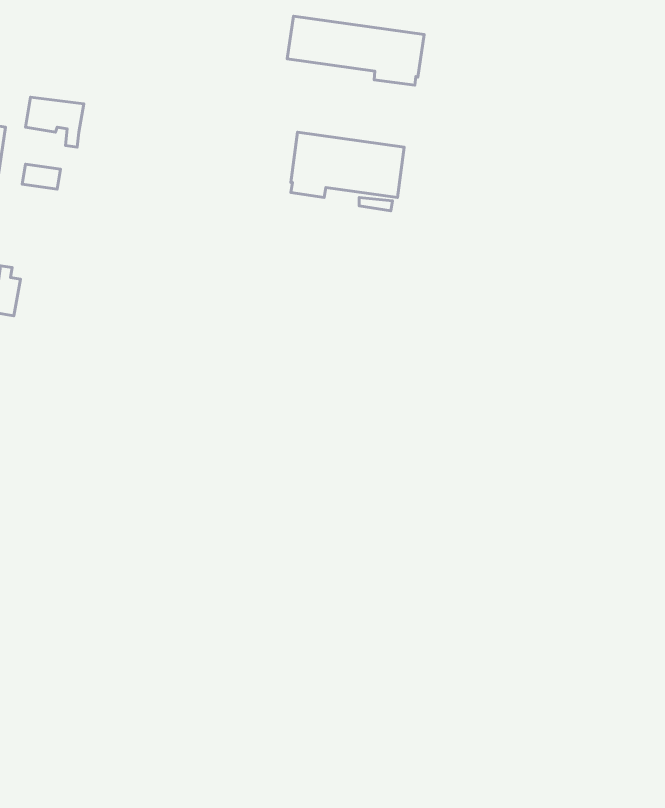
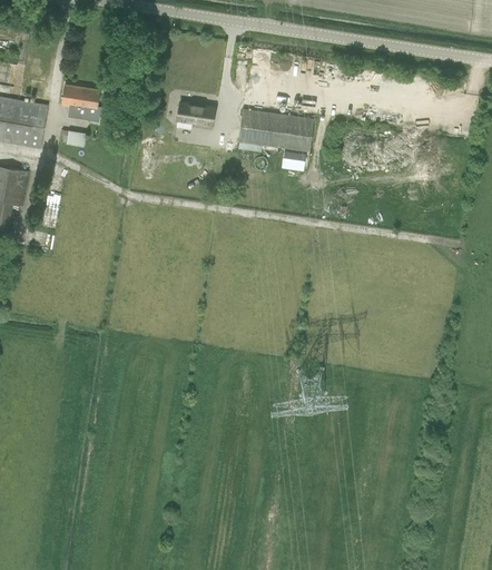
building: [287,16,424,85] -> none
building: none -> [176,101,214,128]

